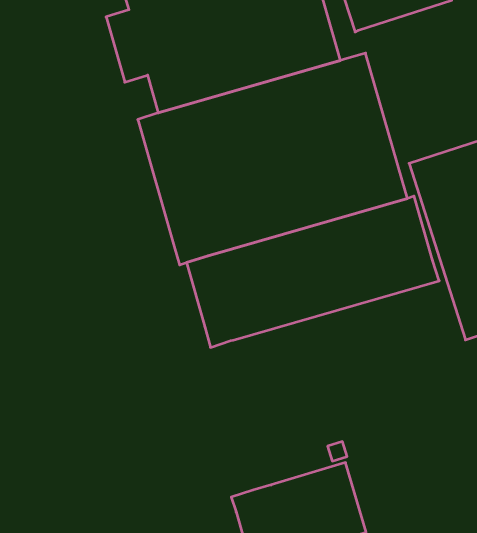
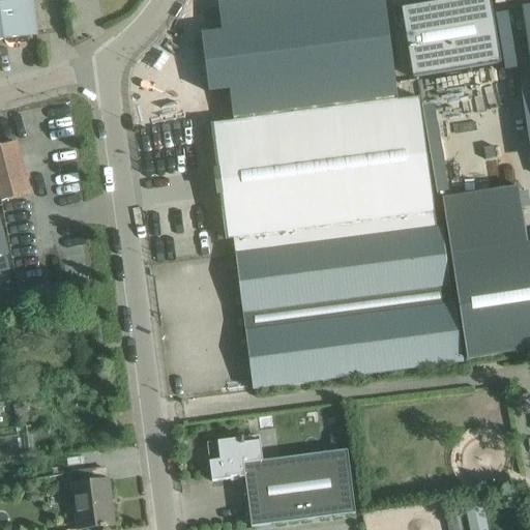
building: none -> [245,301,463,387]
building: none -> [209,436,263,479]

